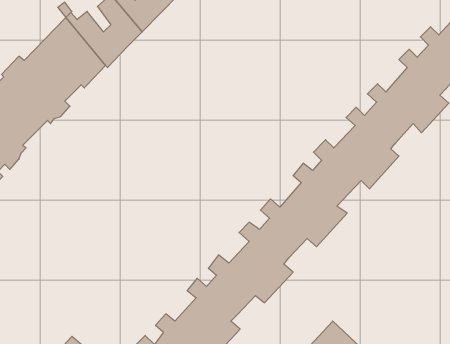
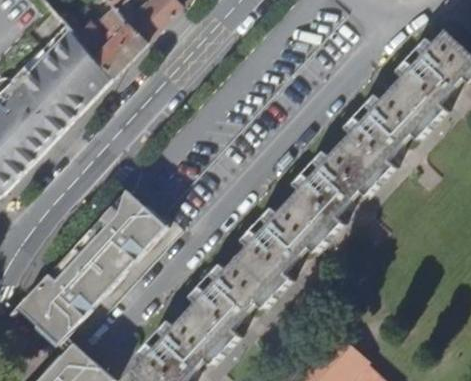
building: none -> [19,191,167,346]

